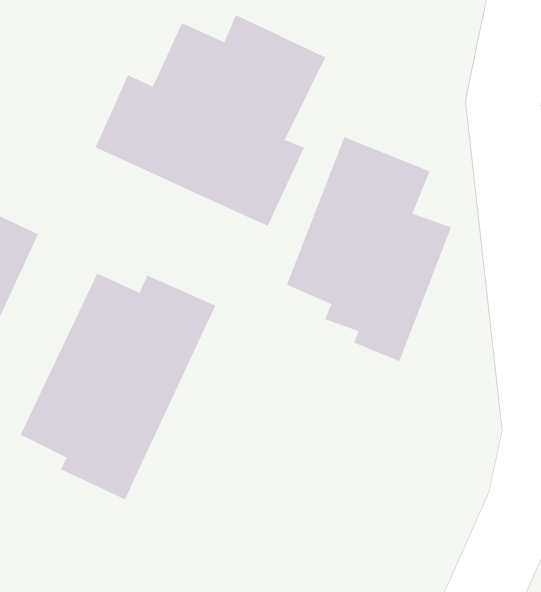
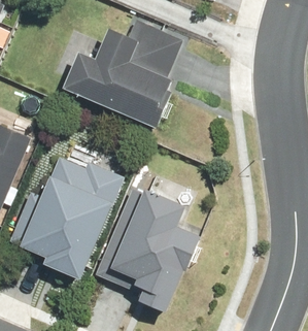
building: [286,137,452,362] -> [108,188,197,308]

